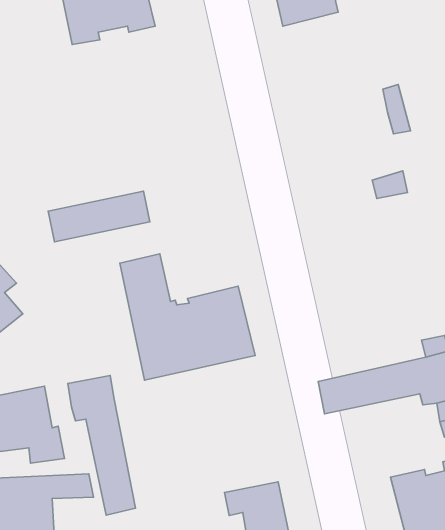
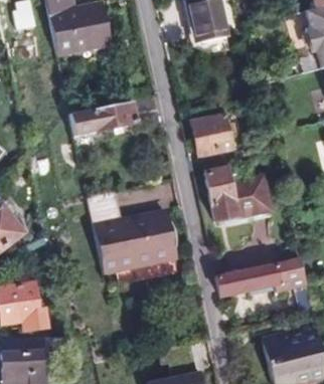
building: none -> [193,113,237,156]
building: [48,191,150,242] -> [70,104,137,137]
building: none -> [204,164,271,222]
building: [68,375,136,515] -> none

